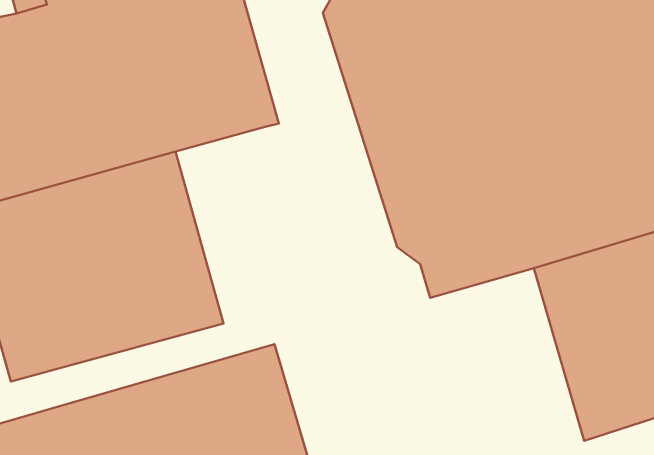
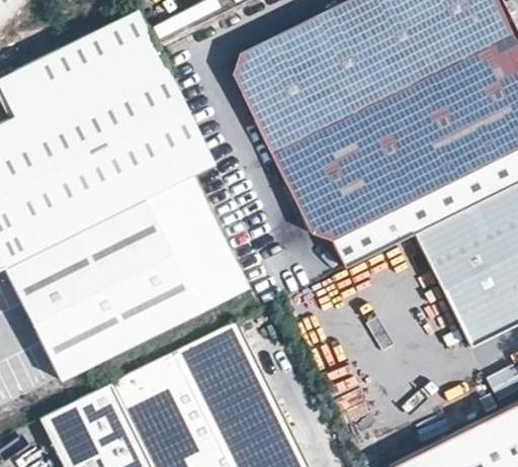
building: none -> [145,170,259,312]

